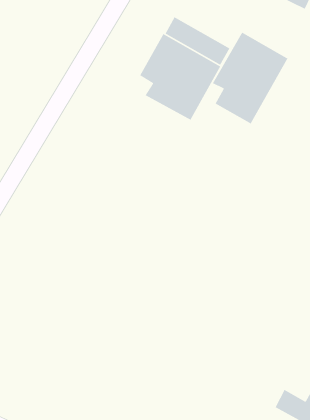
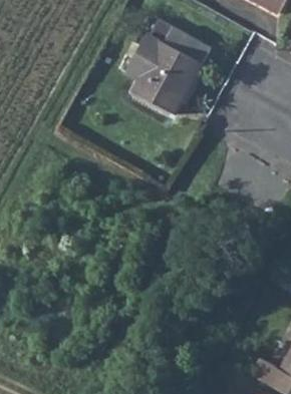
building: [212,32,289,125] -> none

